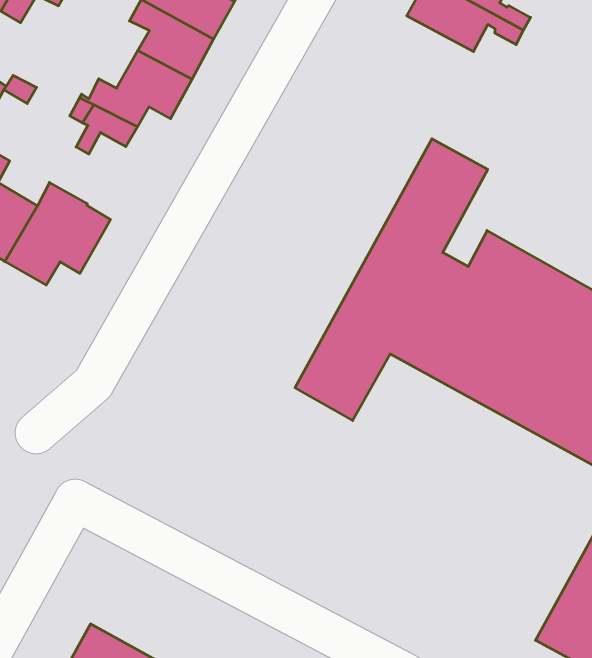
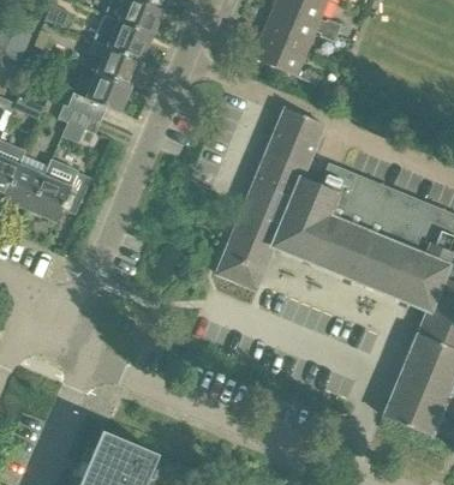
building: none -> [251,31,319,83]

